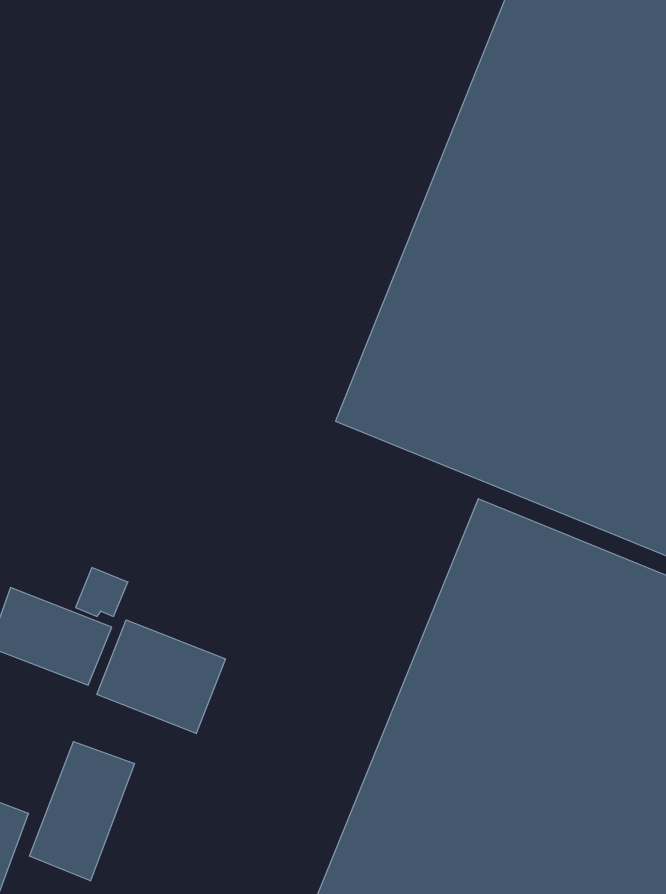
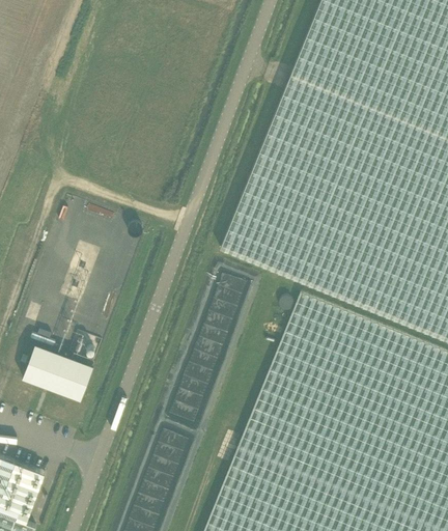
building: [97,620,225,734] -> none
building: [29,742,134,881] -> none

